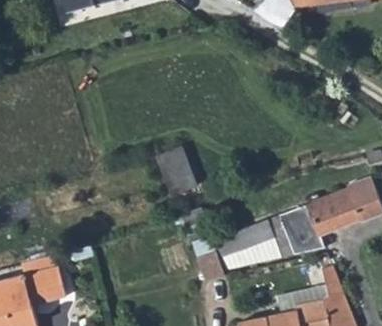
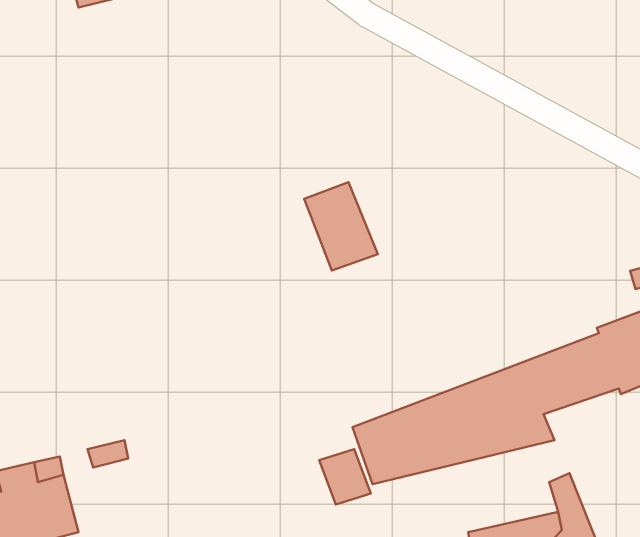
building: [156,147,196,195] -> [304,182,378,271]

